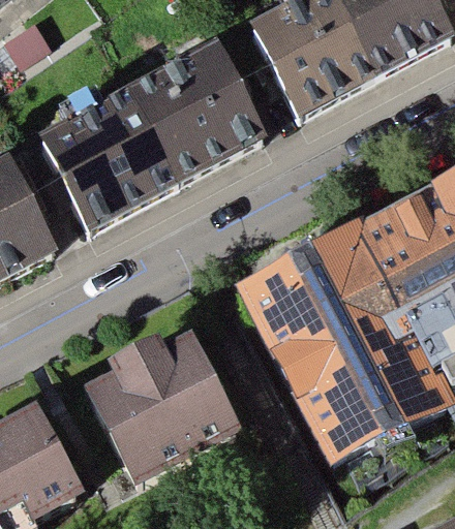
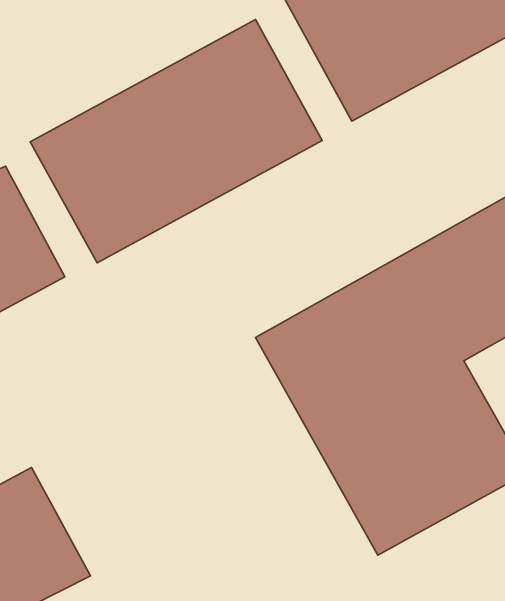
building: [94,326,243,476] -> none

